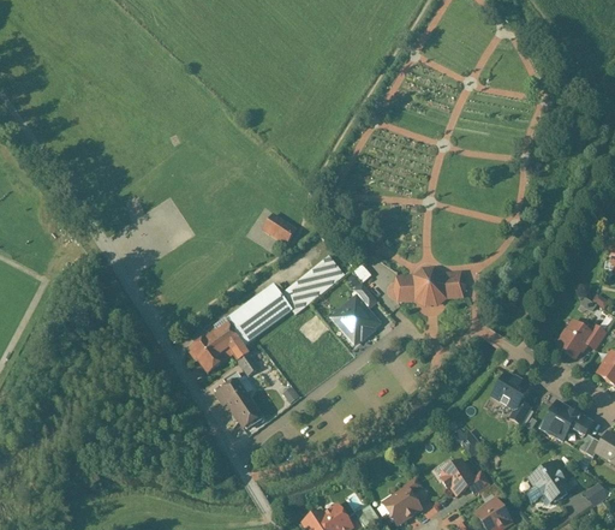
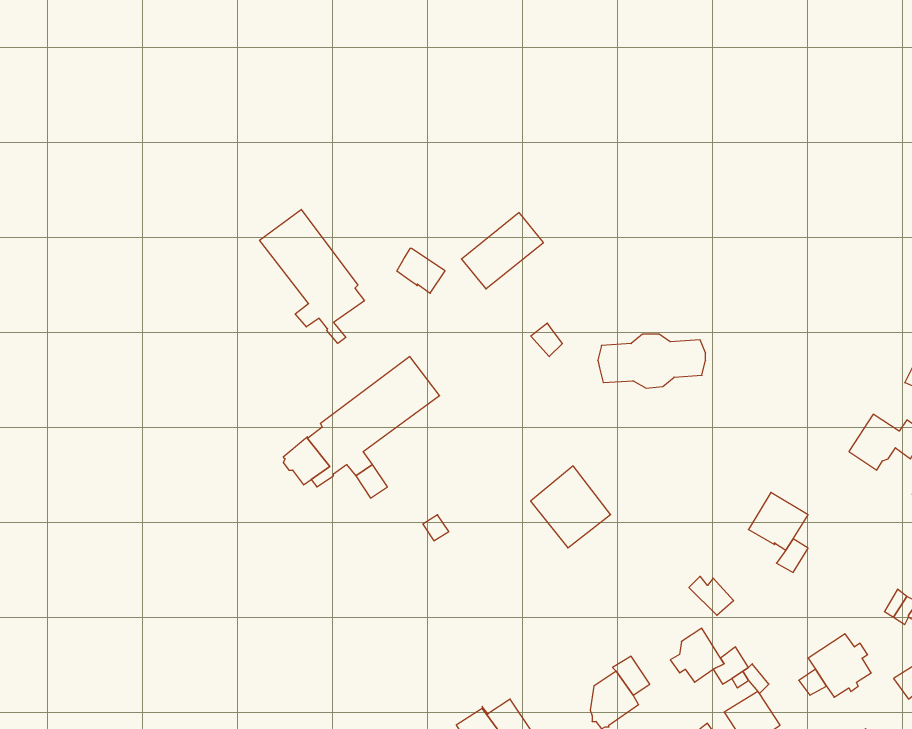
building: none -> [260,209,364,343]
building: [287,258,340,308] -> [461,213,543,289]
building: [329,293,381,346] -> [531,466,611,548]
building: [216,371,261,427] -> none
building: [542,403,591,440] -> none

